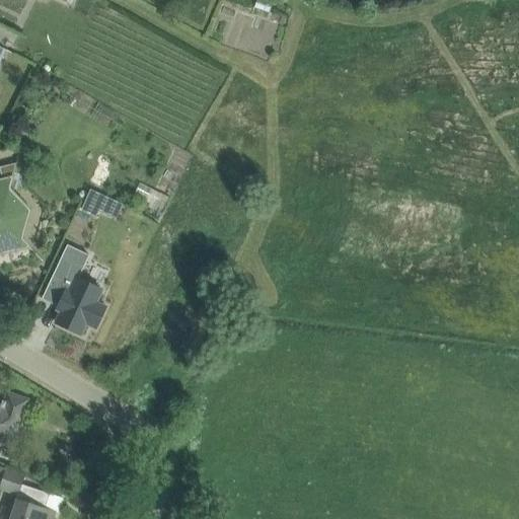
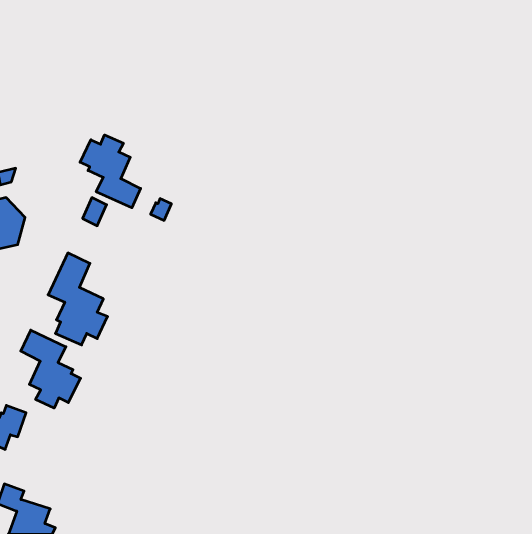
building: none -> [80,135,141,208]
building: none -> [21,330,81,408]

